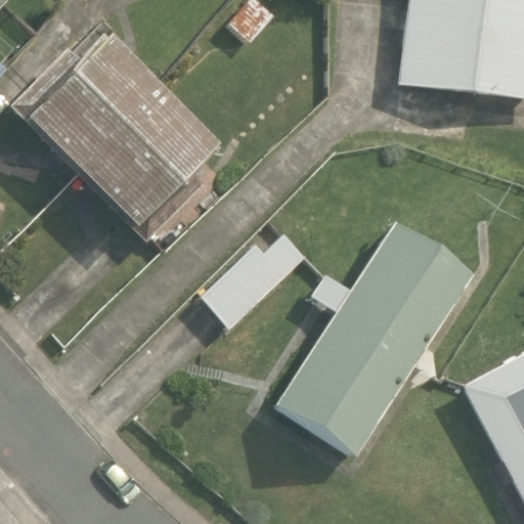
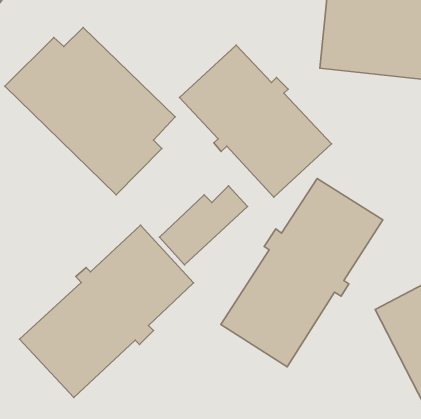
building: none -> [179,45,332,197]
building: none -> [20,225,193,398]

